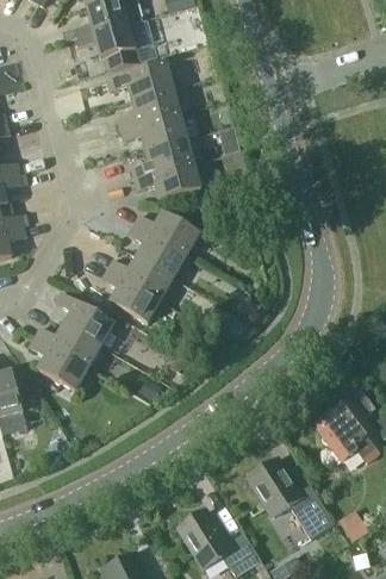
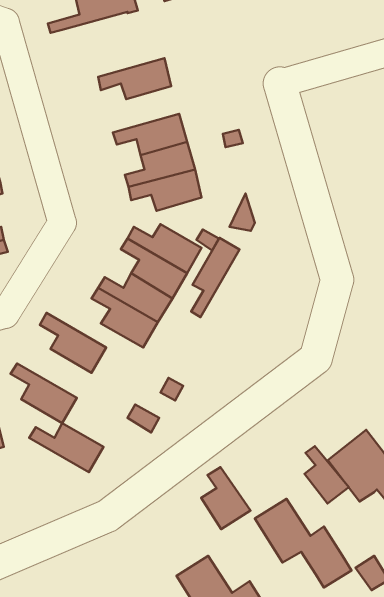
building: [74,21,141,71] -> none
building: [118,88,180,130] -> none
building: none -> [191,238,240,317]
building: [35,324,101,368] -> [29,423,103,472]
building: none -> [305,446,349,504]
building: none -> [201,467,250,529]

